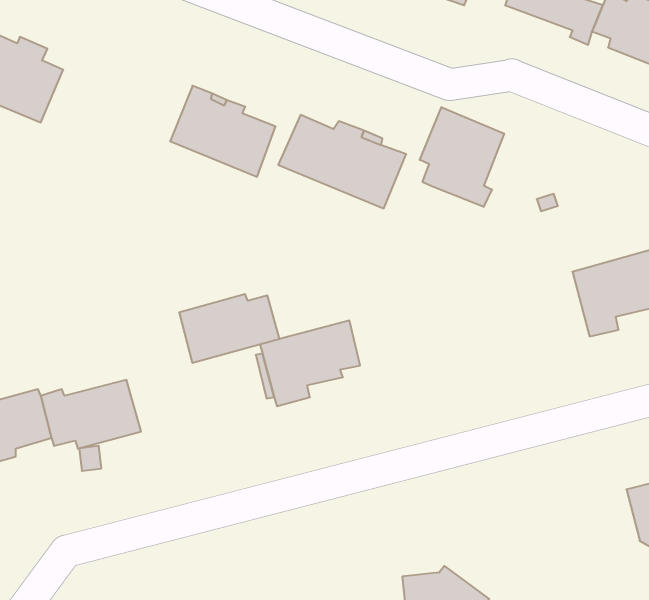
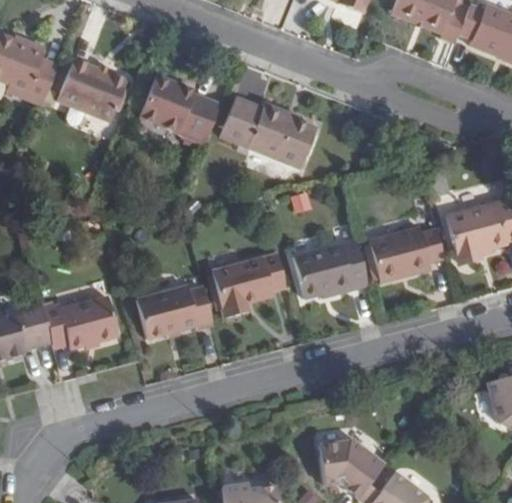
building: none -> [60,58,129,121]
building: [420,107,504,207] -> none
building: none -> [371,229,444,284]
building: [179,294,279,363] -> [136,286,212,338]
building: none -> [292,239,368,298]

